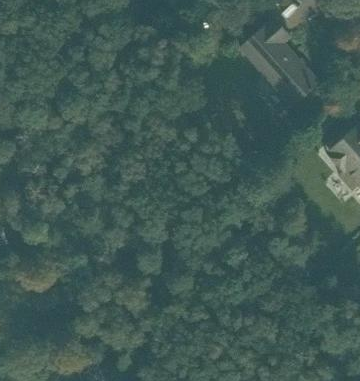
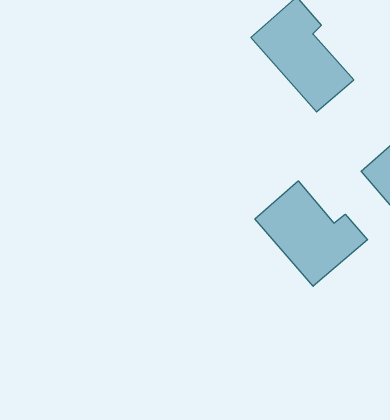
building: none -> [255,181,368,286]

